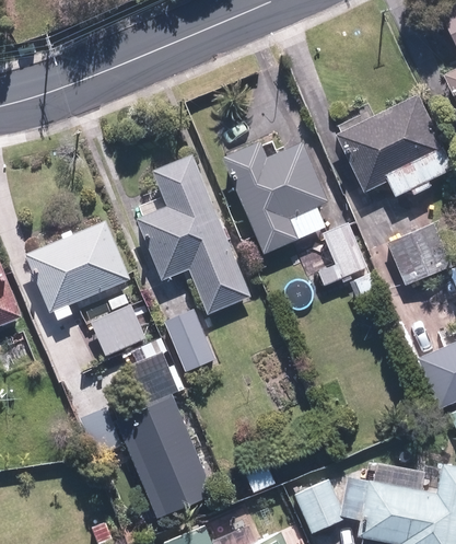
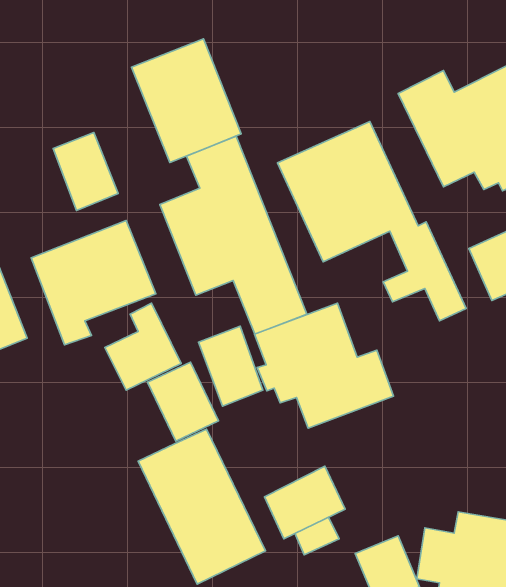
building: none -> [131,39,241,163]
building: none -> [53,132,118,210]
building: none -> [255,303,394,428]
building: none -> [265,466,345,539]

